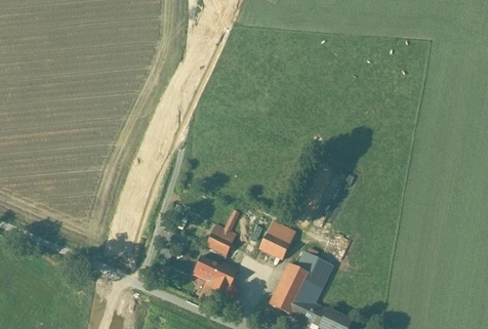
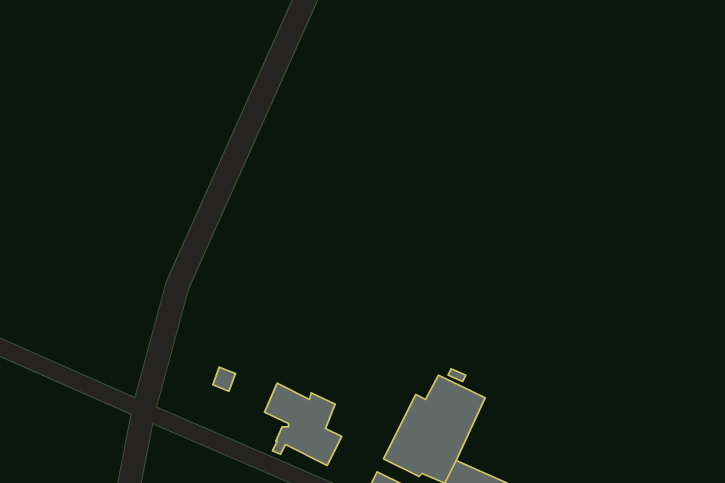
building: [258,220,295,259] -> none
building: [206,223,236,254] -> none

